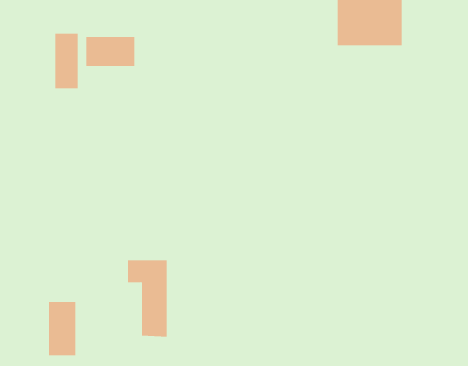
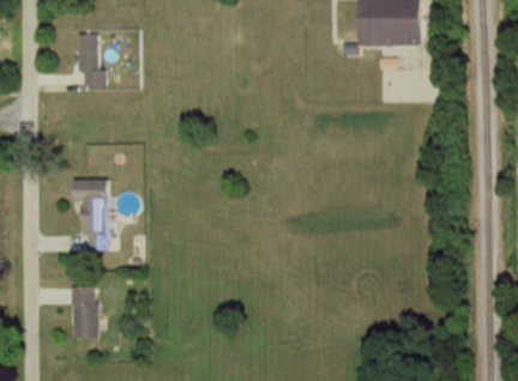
building: [86,36,135,67] -> none
building: [127,260,168,337] -> [72,180,110,253]

